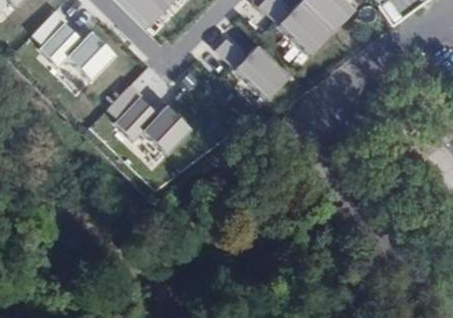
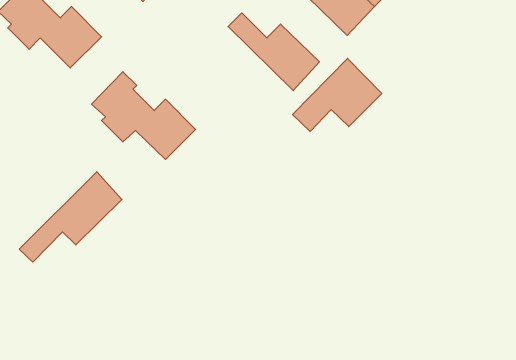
building: none -> [293,58,382,132]
building: none -> [19,172,122,262]

